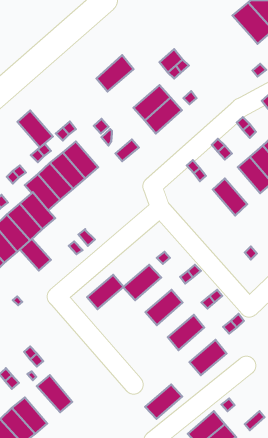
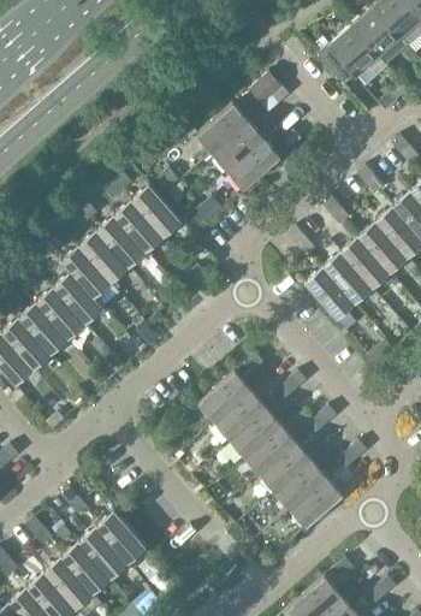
building: none -> [330,25,379,76]
building: [96,55,133,92] -> [197,103,249,154]
building: [17,111,53,148] -> [132,185,182,237]
building: none -> [340,237,390,289]
building: none -> [306,268,356,331]
building: [20,239,51,271] -> none
building: [87,275,123,309] -> [215,391,266,439]
building: none -> [245,426,297,474]
building: none -> [96,511,146,564]
building: [145,384,182,419] -> [275,461,327,509]
building: none -> [61,543,111,594]

